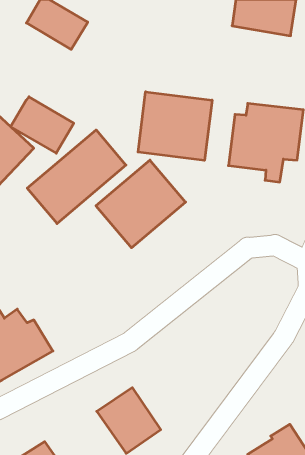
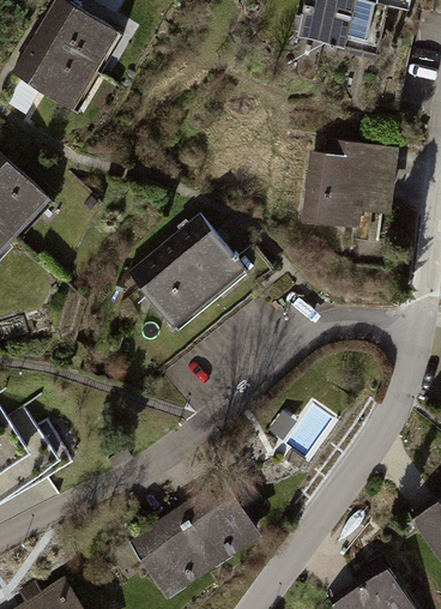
building: [138,92,212,160] -> none
building: [11,97,74,153] -> [13,34,96,108]
building: [27,130,126,224] -> none
building: none -> [176,480,260,567]

